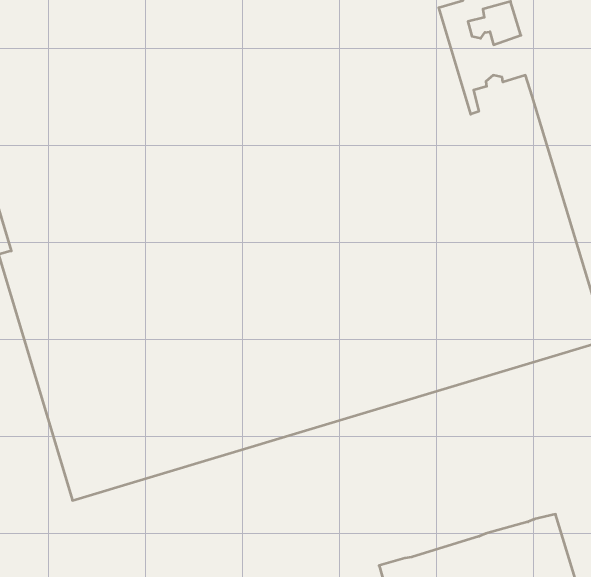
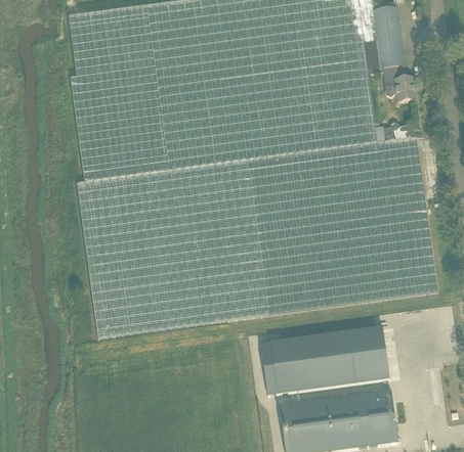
building: none -> [260,326,388,395]

